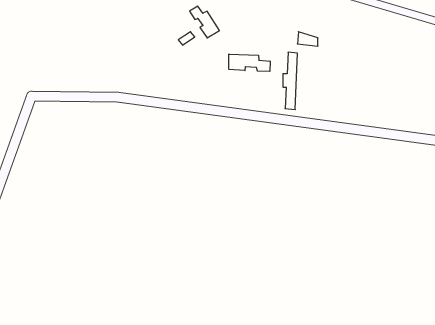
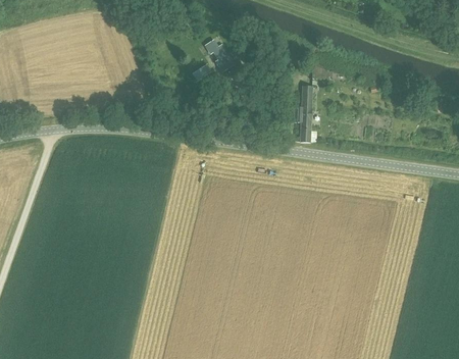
building: [229,54,270,71] -> none

